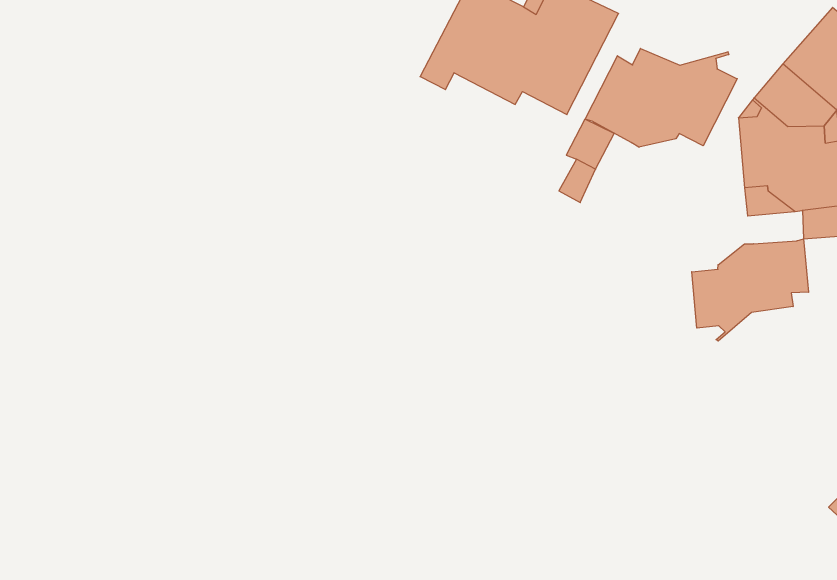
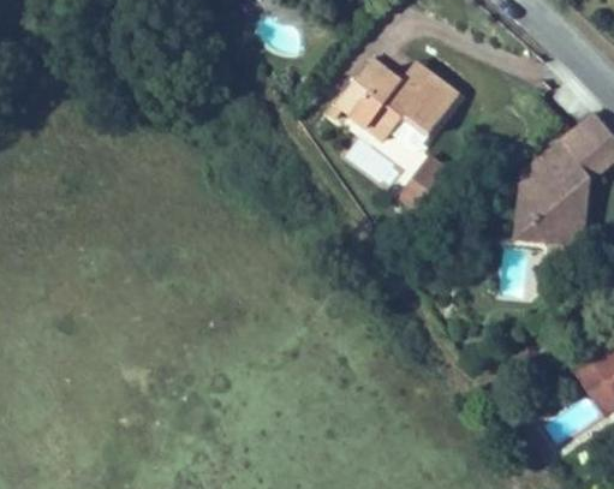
building: [585,48,737,147] -> none
building: [692,239,809,341] -> none

